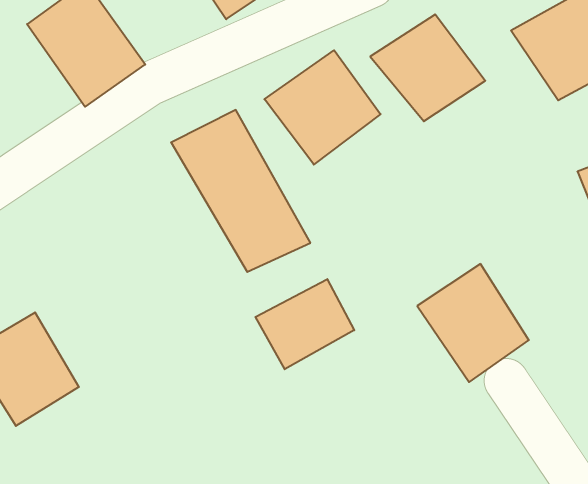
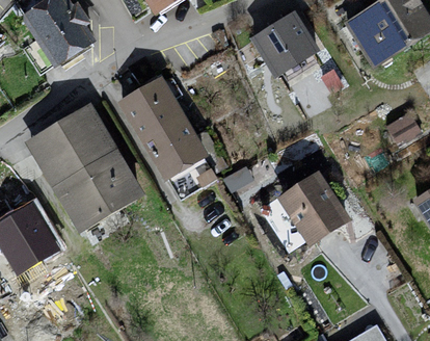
building: [264,50,381,165] -> none
building: none -> [30,107,150,237]
building: [255,279,354,369] -> none

